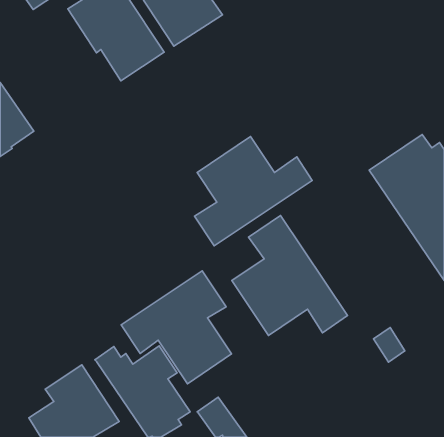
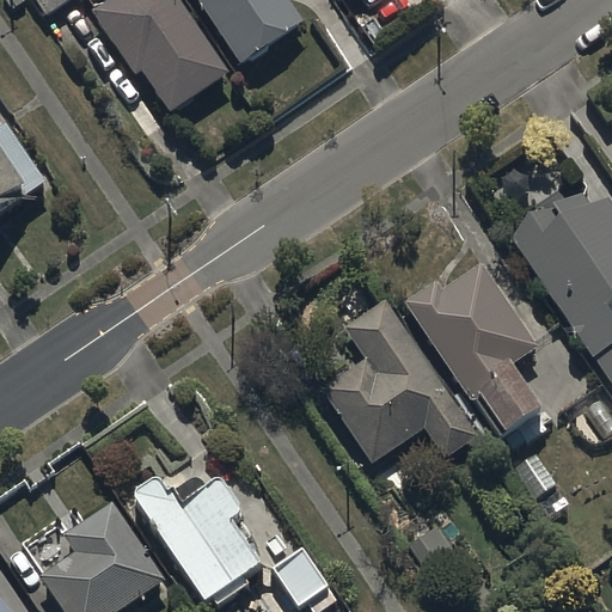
building: [195,137,312,246] -> none
building: none -> [403,262,545,440]
building: [121,271,231,384] -> none

